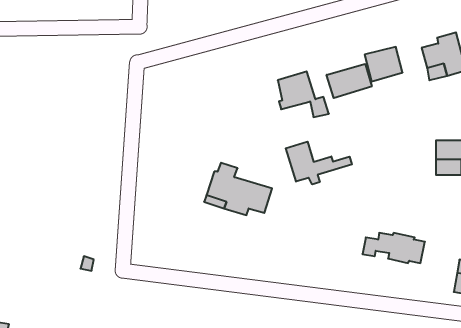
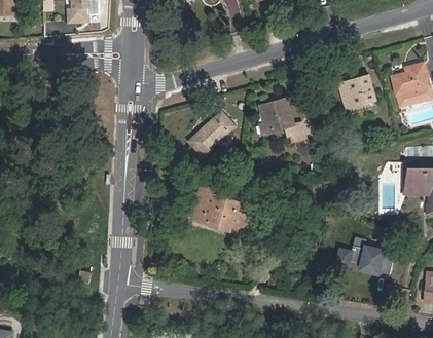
building: [327,64,372,98] -> none
building: none -> [187,112,233,156]
building: [286,142,352,184] -> none

